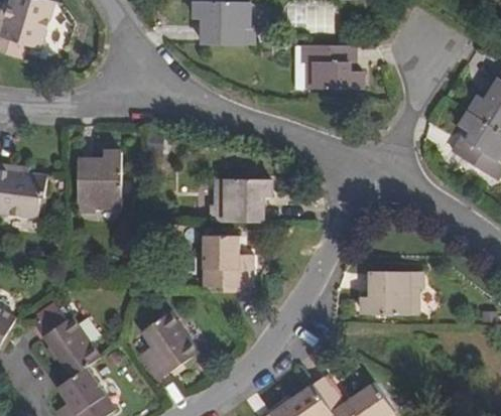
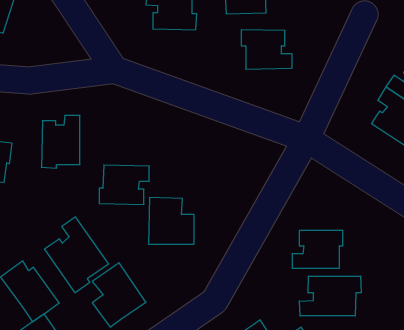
building: [216,179,272,224] -> [99,165,149,204]
building: none -> [45,217,108,293]
building: none -> [299,276,361,316]

